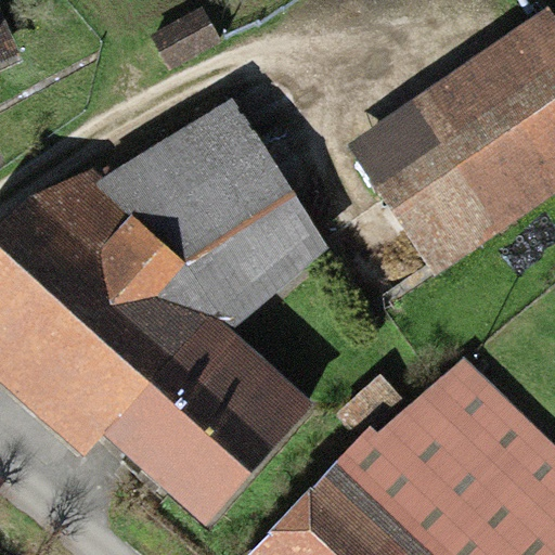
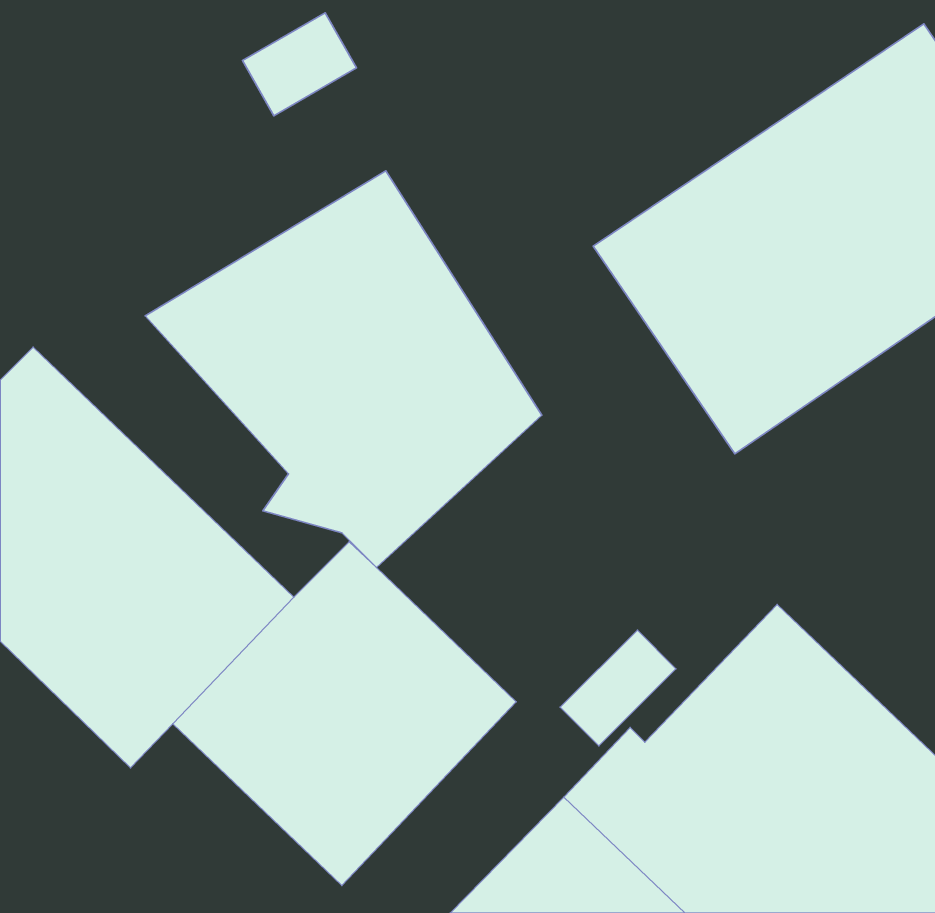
building: [22,180,208,352] -> none

